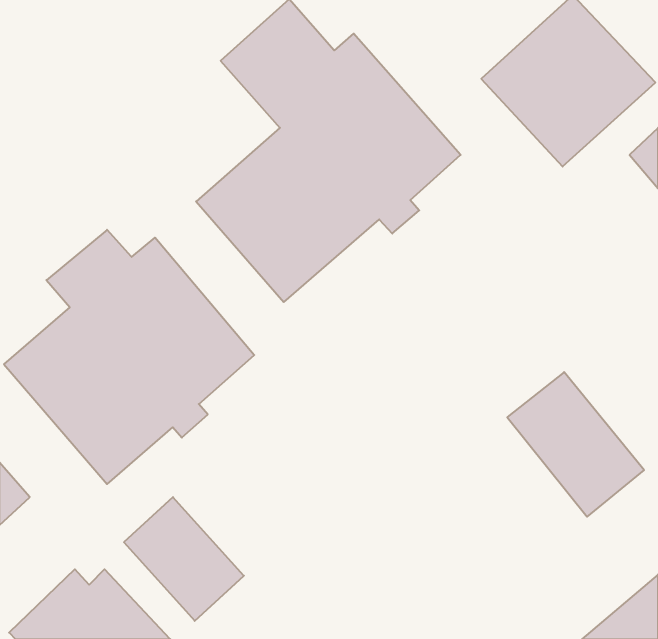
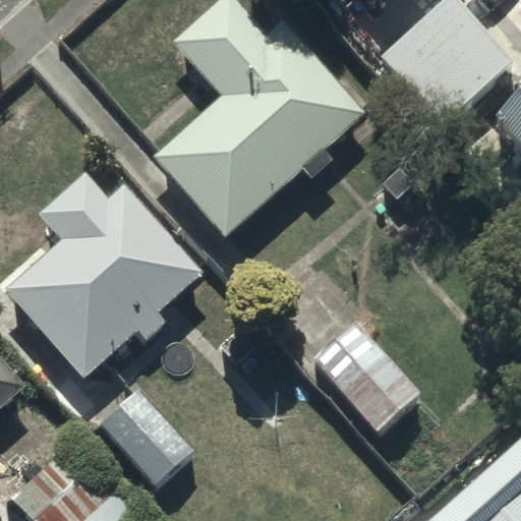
building: [507,372,644,517] -> [315,319,423,432]

